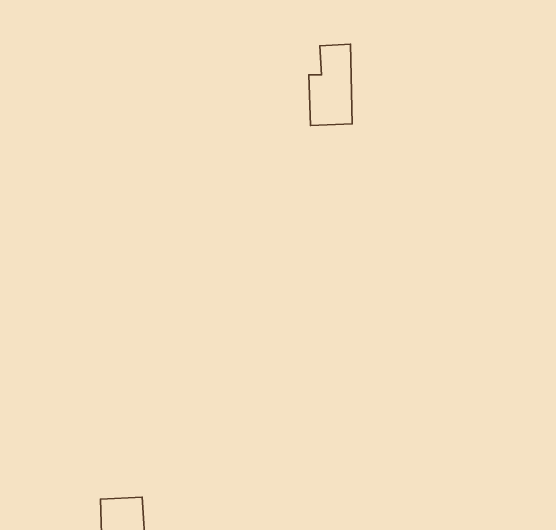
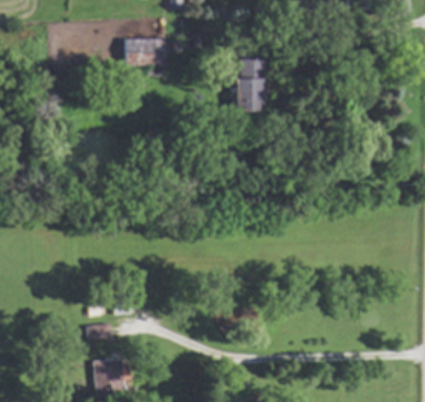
building: none -> [126,37,168,68]

